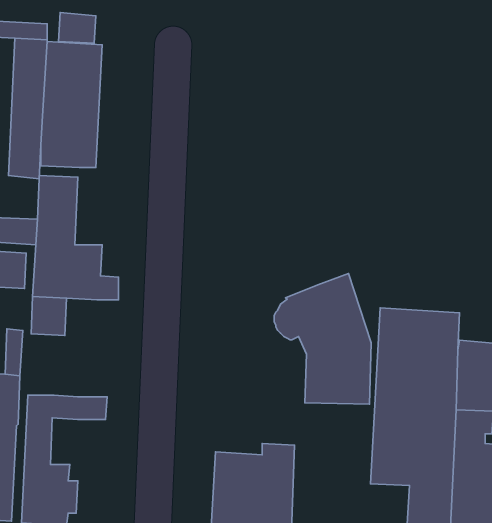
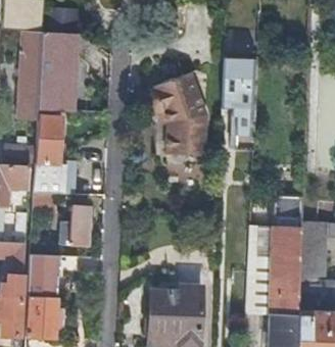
building: none -> [224,59,259,151]
building: [274,273,371,404] -> [146,75,207,157]
building: none -> [60,206,91,246]

